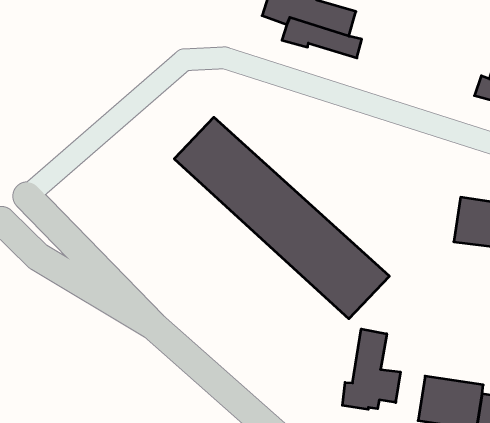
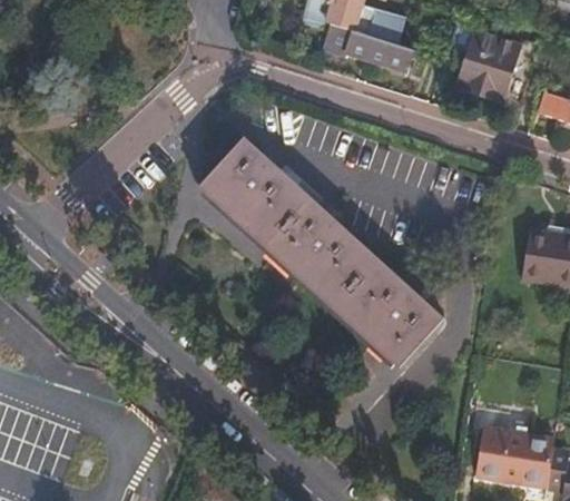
building: none -> [456,28,521,101]
building: [342,329,400,409] -> none

